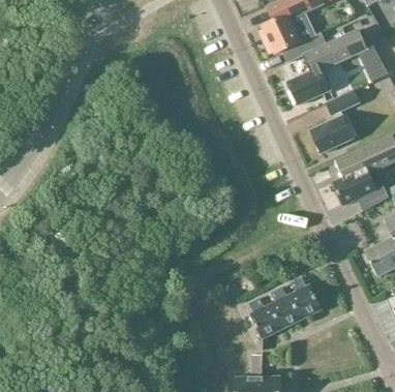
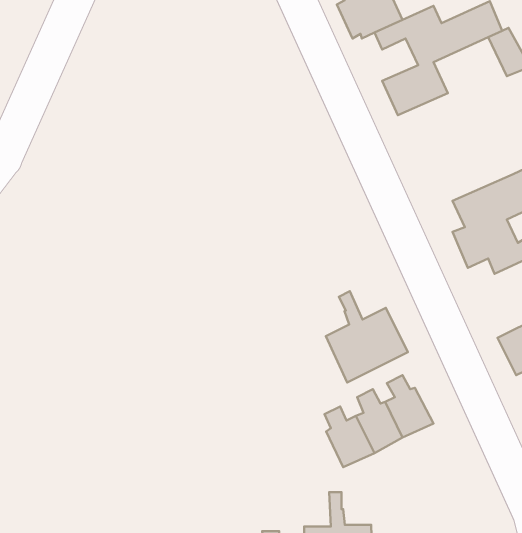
building: [311,89,361,152] -> none
building: none -> [326,291,408,382]

